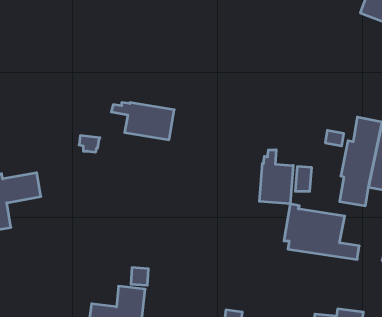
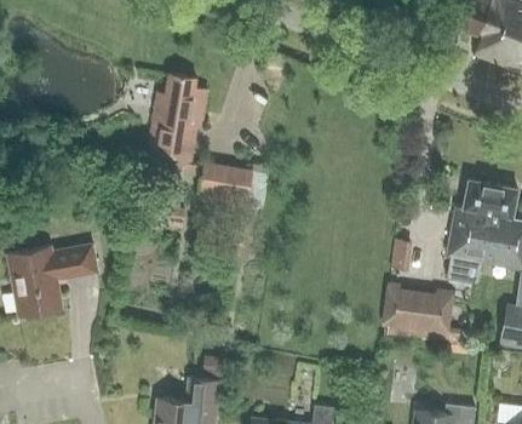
building: none -> [148,73,207,164]
building: [259,150,293,204] -> none

